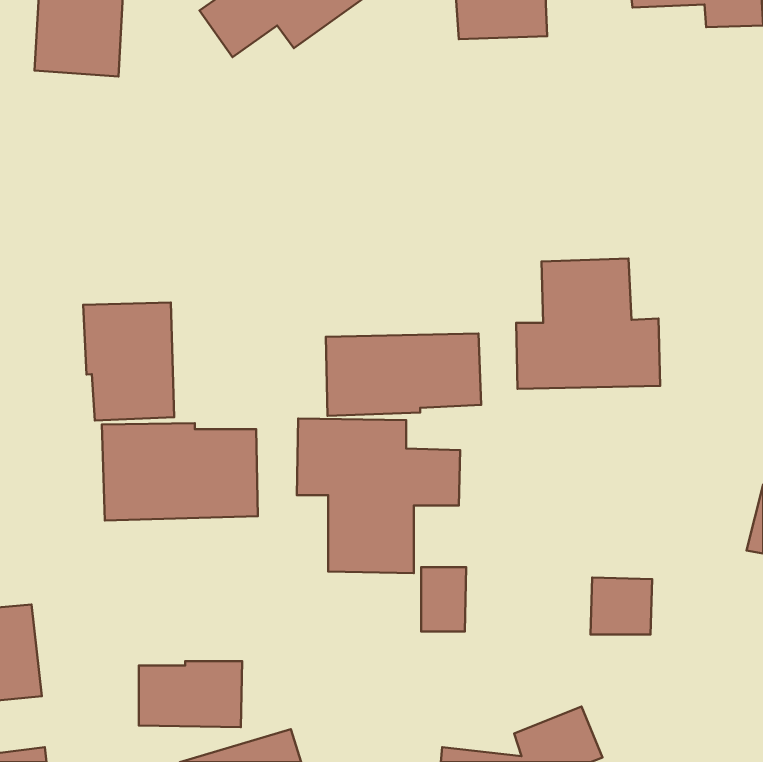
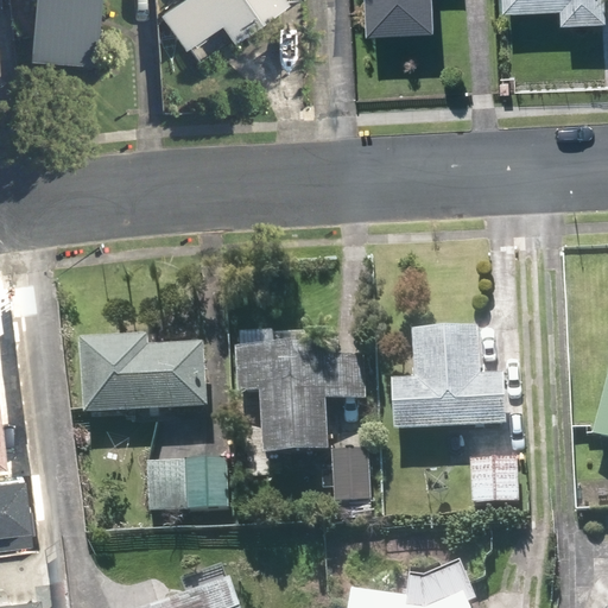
building: [516,258,660,389] -> [391,327,505,430]
building: [83,302,174,420] -> none
building: [326,333,481,416] -> none
building: [139,661,242,727] -> [146,457,228,509]

